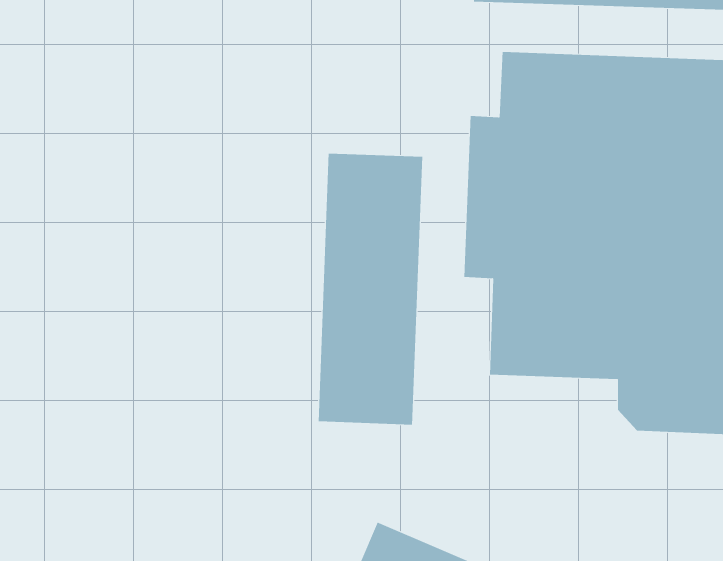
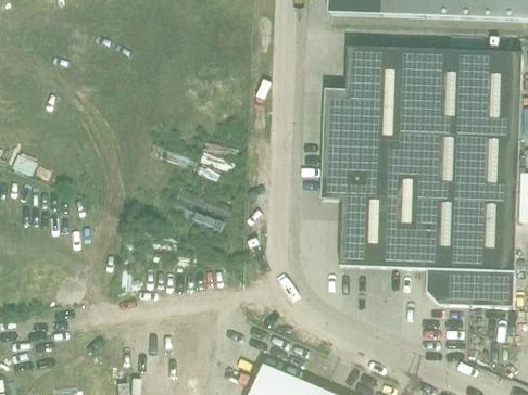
building: [318,153,423,425] -> none

